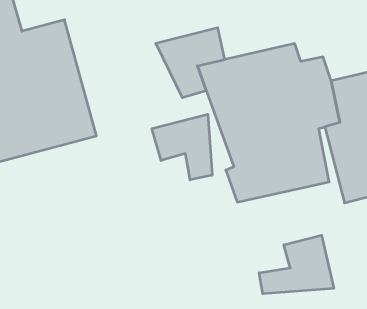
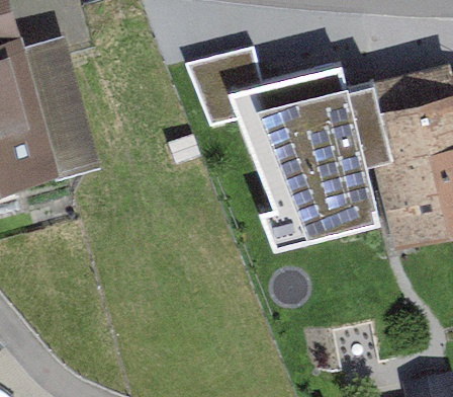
building: [152,114,212,180] -> none
building: [259,235,334,294] -> none

